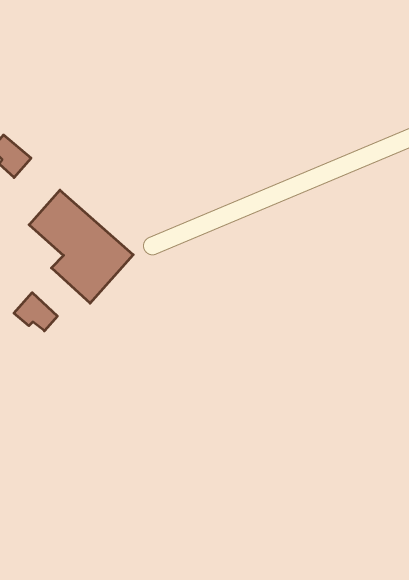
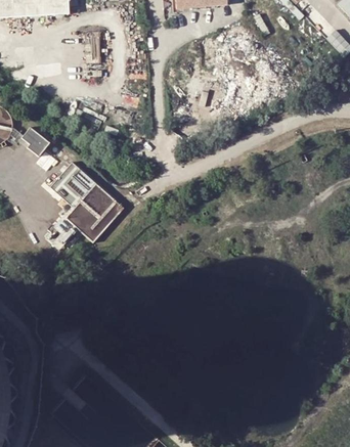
building: [14,293,57,331] -> none

